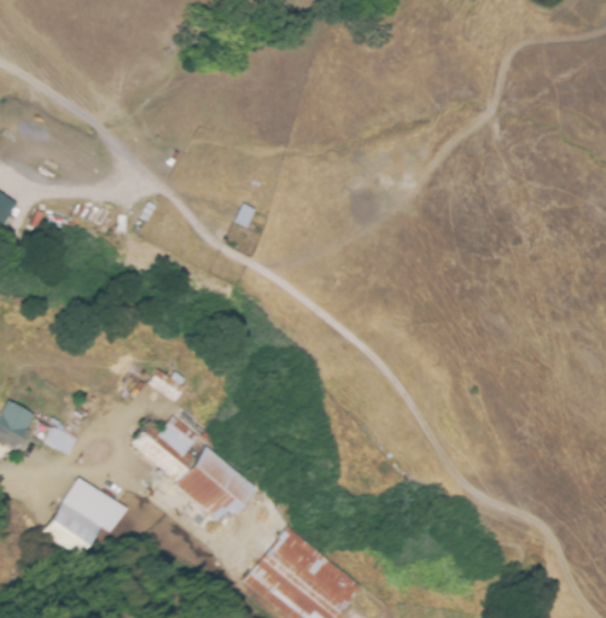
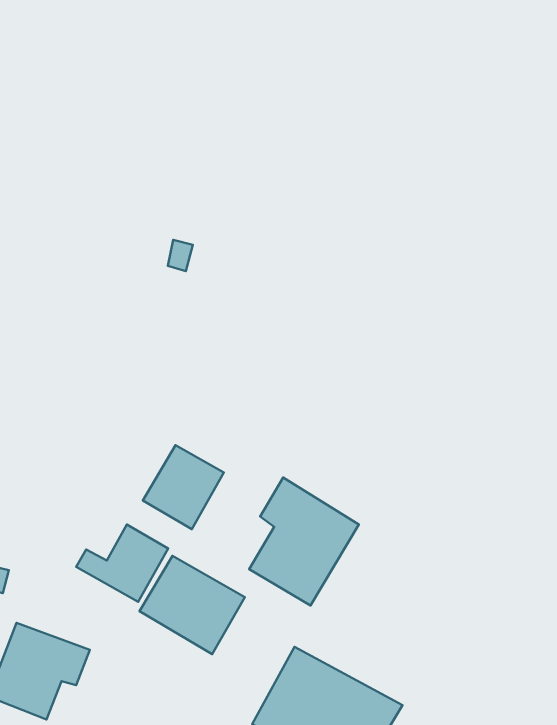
building: none -> [143,445,224,529]
building: none -> [249,478,359,606]

